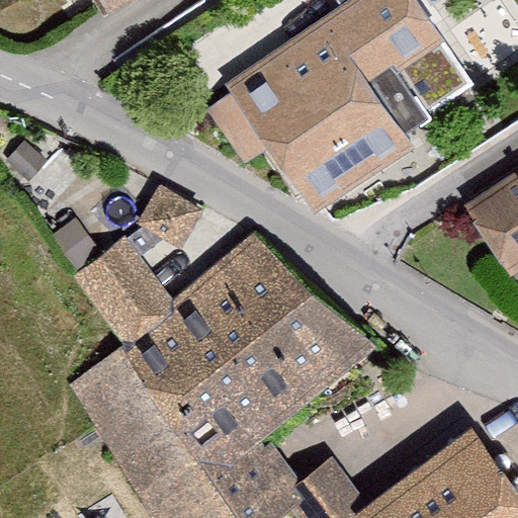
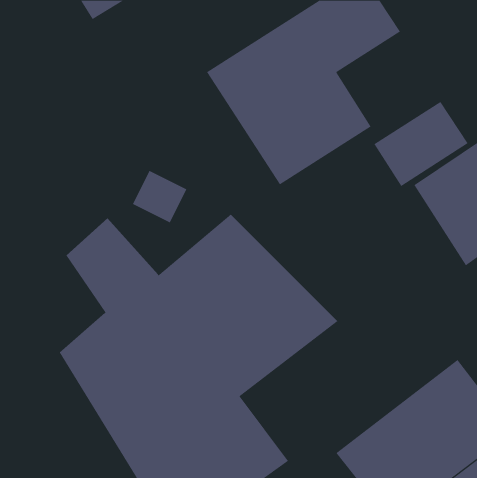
building: [383,40,485,132] -> [373,101,468,187]

